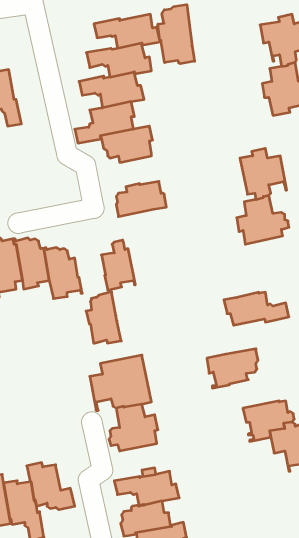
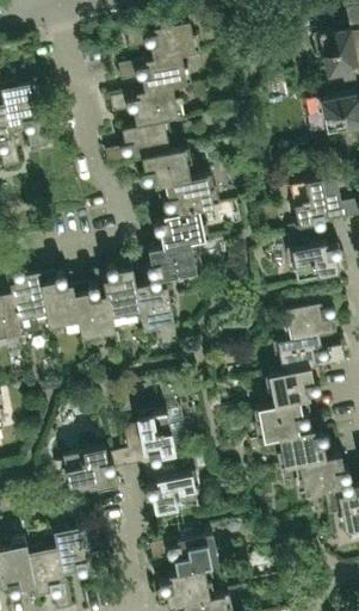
building: [158,5,195,64] -> none
building: none -> [159,174,219,214]
building: none -> [147,241,202,282]
building: none -> [285,289,336,340]
building: [86,292,121,343] -> [101,260,141,317]
building: none -> [265,364,322,403]
building: none -> [277,428,335,468]
building: none -> [62,448,117,499]

